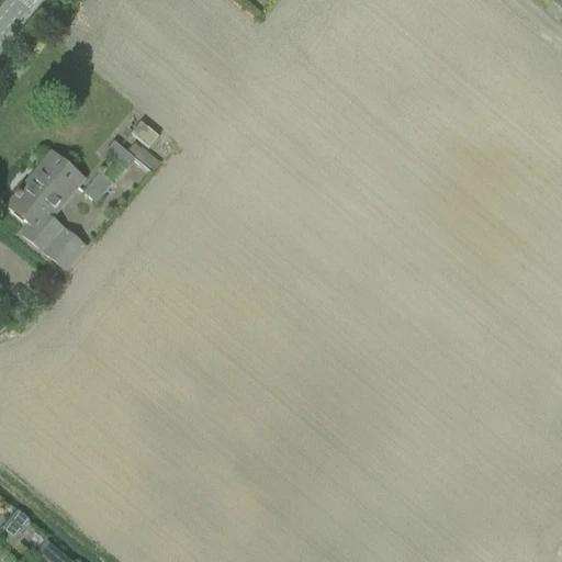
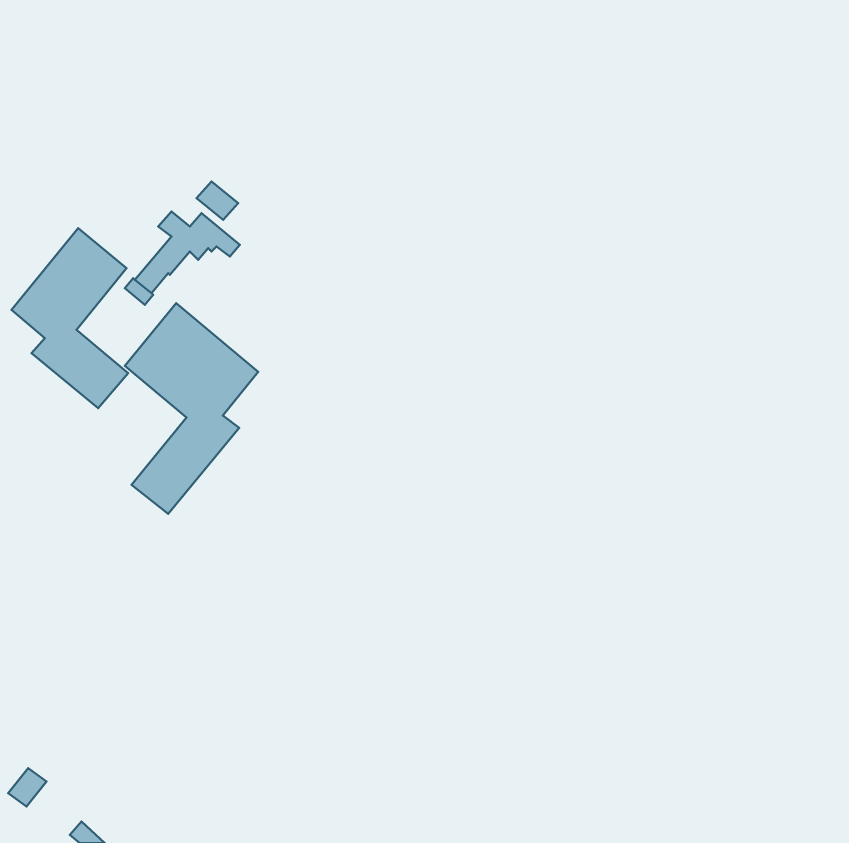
building: none -> [125,303,258,514]

